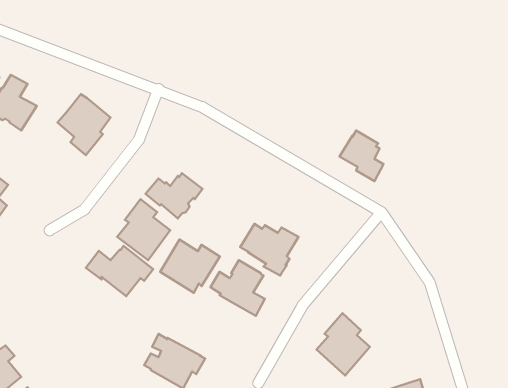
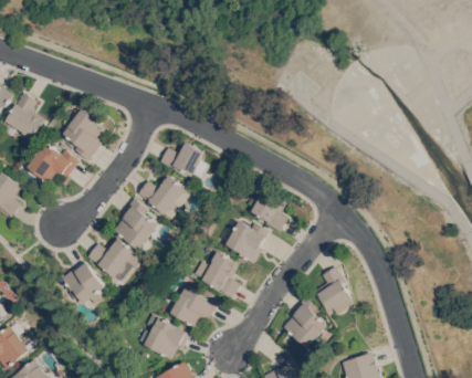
building: none -> [159,139,203,176]
building: [339,130,384,181] -> [250,189,287,232]
building: none -> [25,141,77,187]
building: [160,240,220,293] -> [168,284,219,329]
building: none -> [60,262,104,304]
building: none -> [315,265,353,314]

